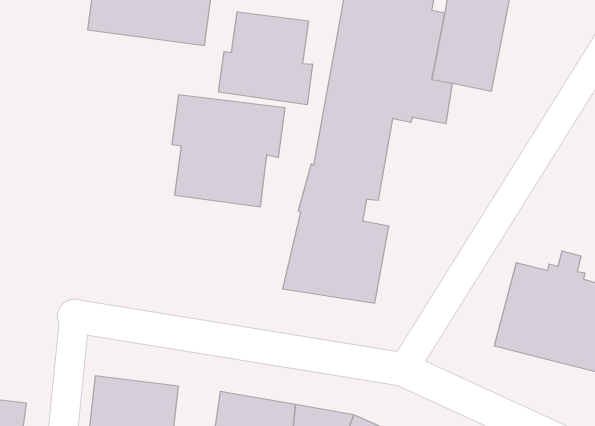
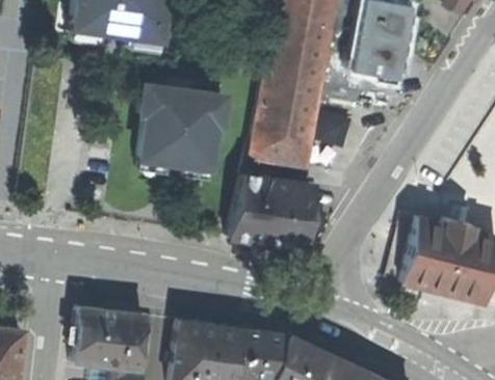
building: [219,12,312,105] -> none

